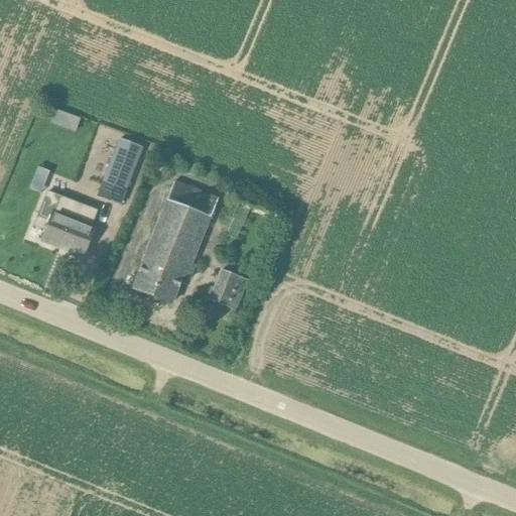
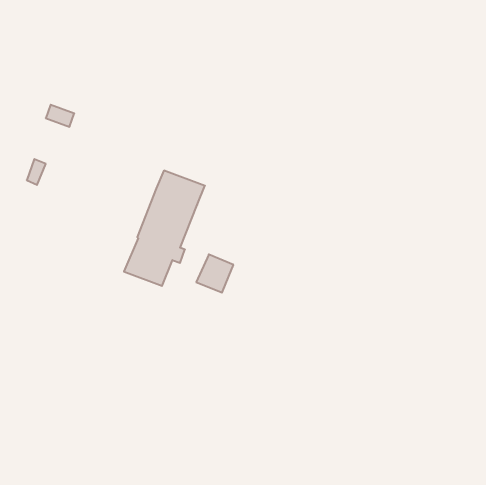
building: [97,137,142,205] -> none
building: [32,189,96,257] -> none

